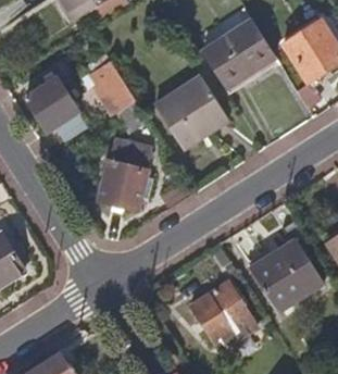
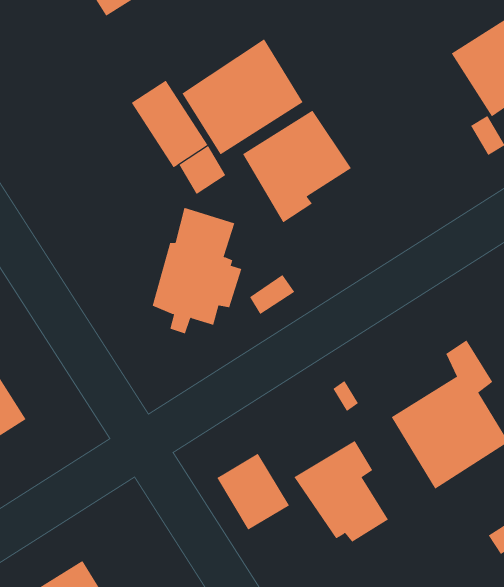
building: [202,17,277,89] -> [181,39,303,155]
building: [25,72,78,132] -> none
building: none -> [217,453,290,531]

